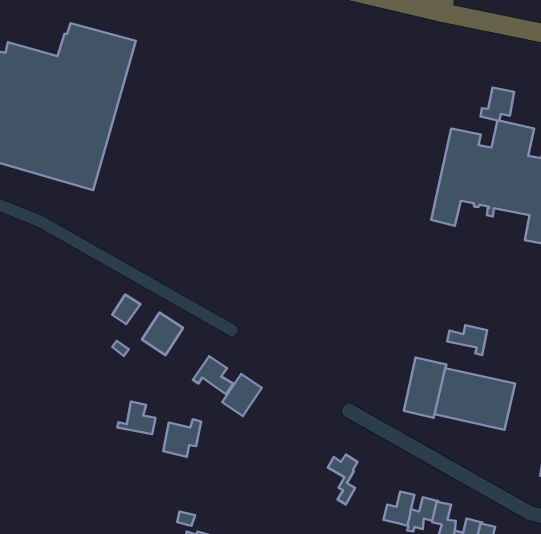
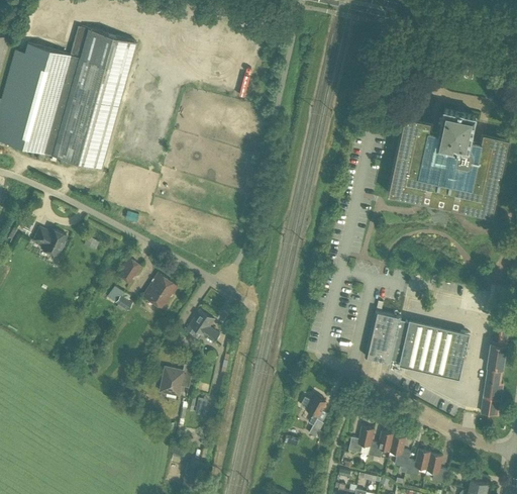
building: [481,88,514,121] -> none
building: none -> [32,226,67,257]
building: [447,325,487,355] -> none
building: [222,374,262,416] -> none
building: [117,402,156,434] -> none

